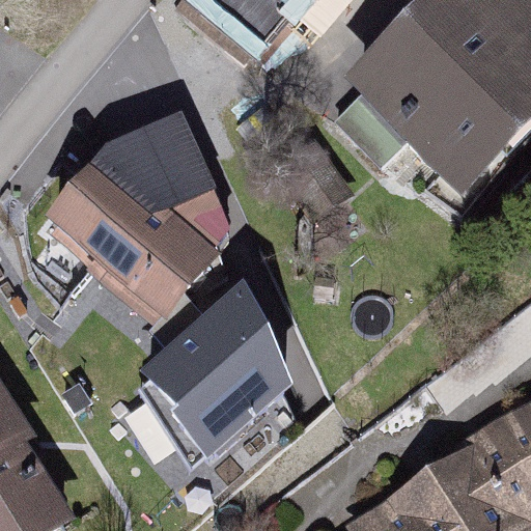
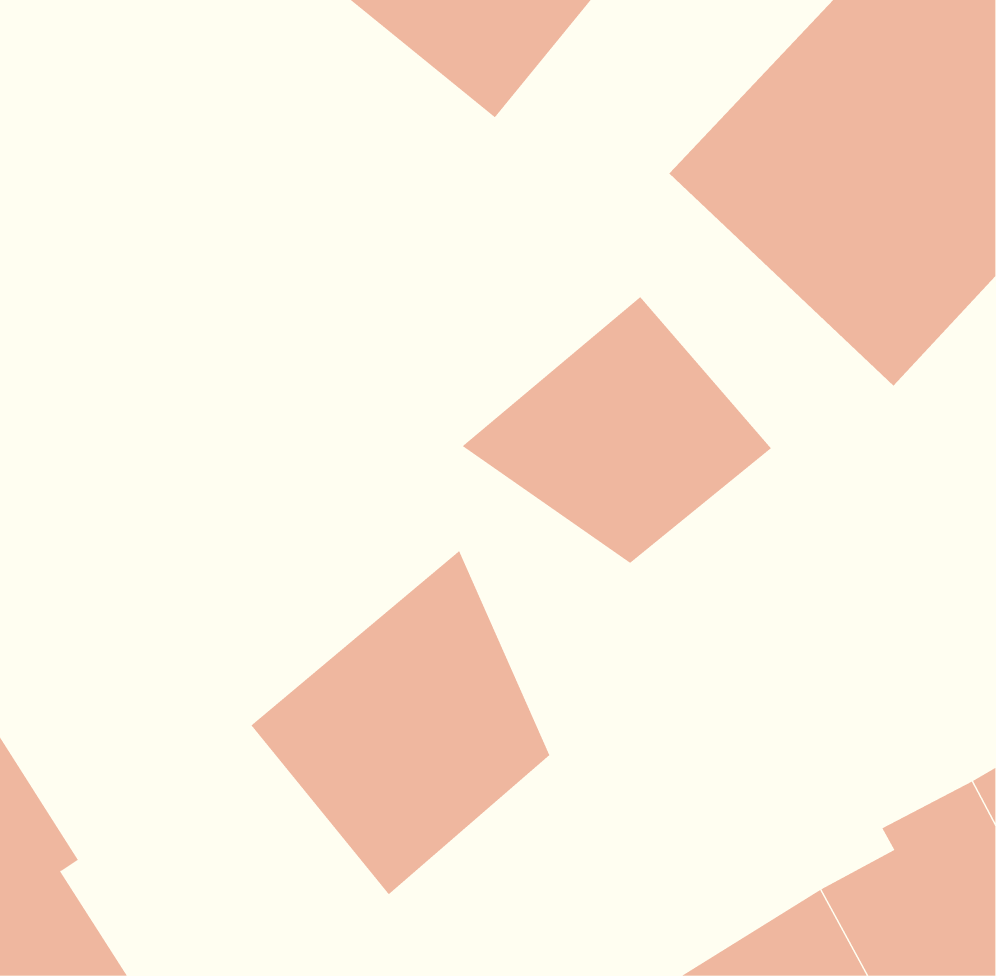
building: [45,121,231,323] -> none
building: none -> [462,296,772,564]

